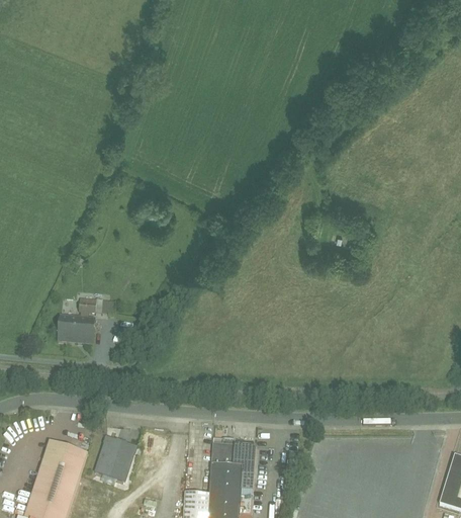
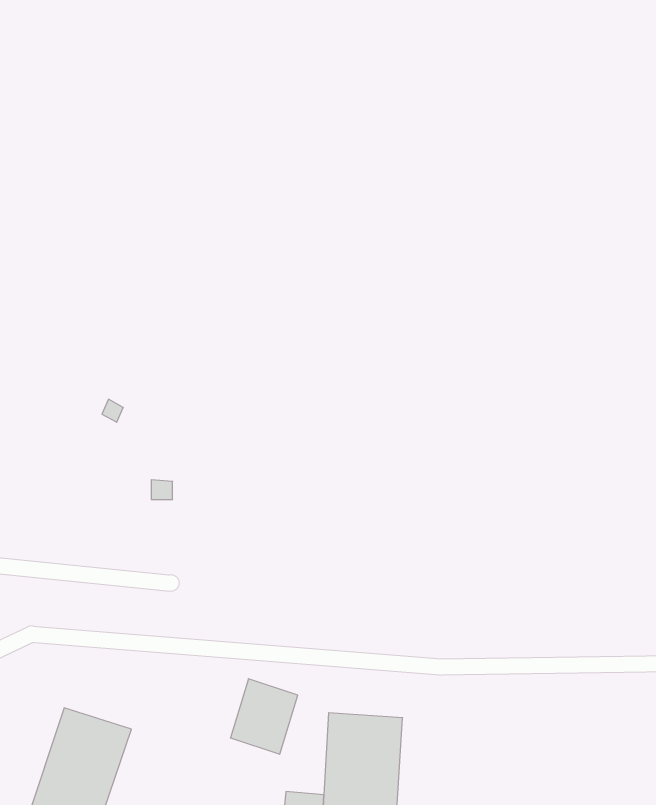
building: [58,297,95,344] -> none
building: [93,435,134,482] -> [230,679,298,754]

